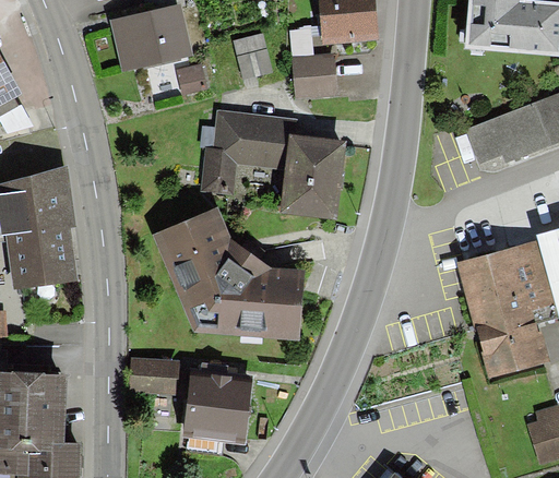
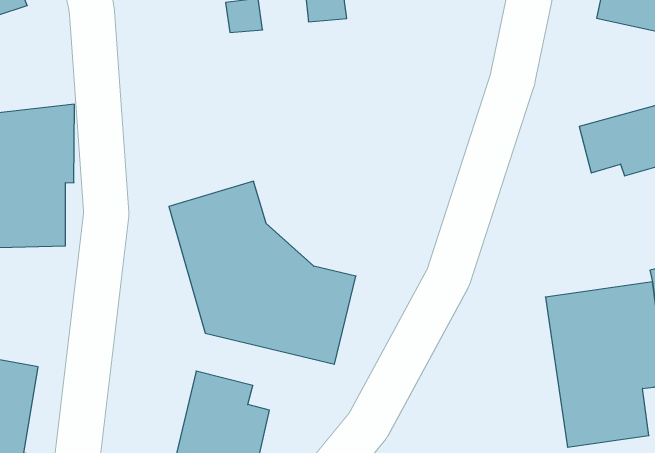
building: [293,56,338,100] -> none
building: [199,110,347,220] -> none
building: [129,357,191,396] -> none

